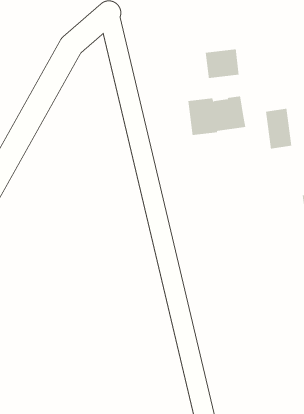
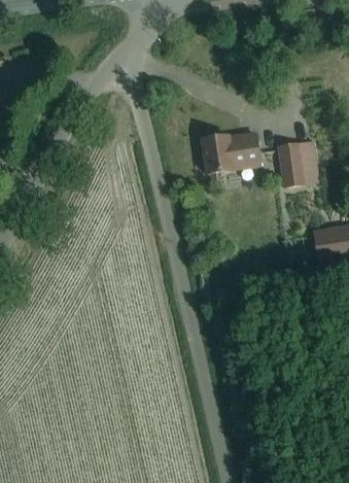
building: [205,49,239,79] -> none

